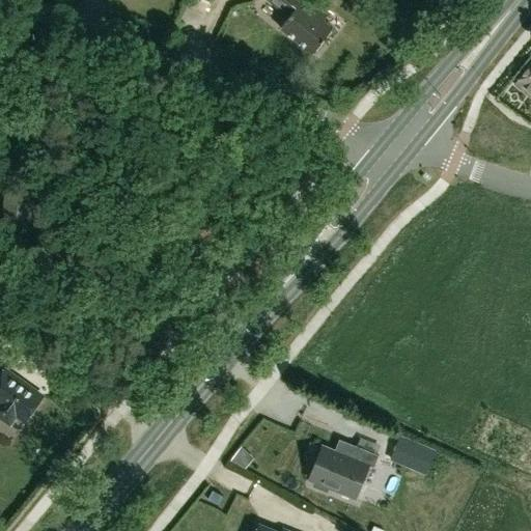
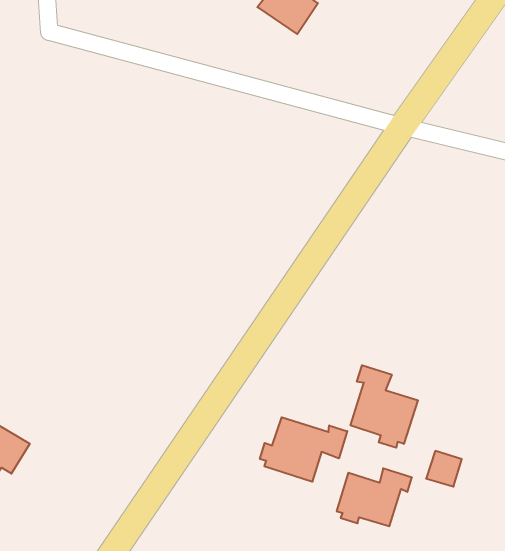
building: none -> [350,365,418,448]
building: none -> [260,417,347,482]

